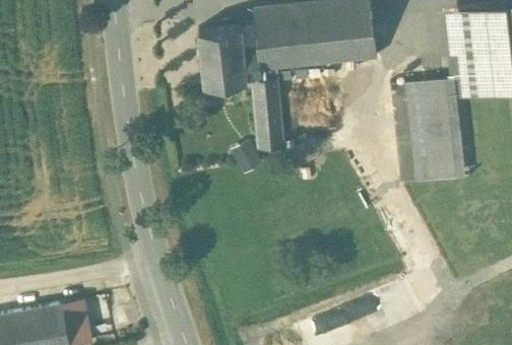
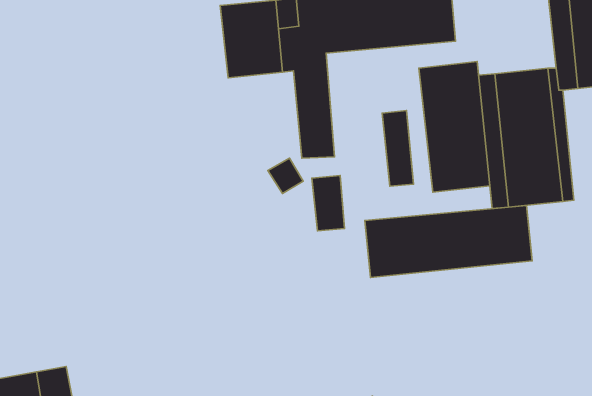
building: none -> [419,62,490,192]
building: none -> [382,111,413,186]
building: none -> [312,175,344,231]
building: none -> [365,205,532,277]

